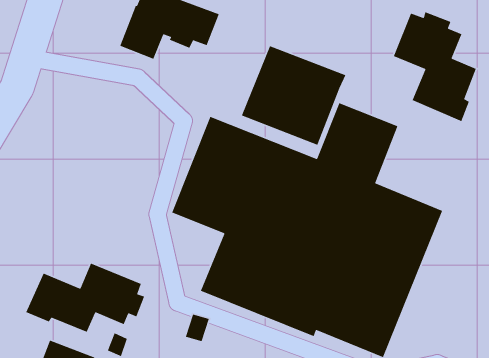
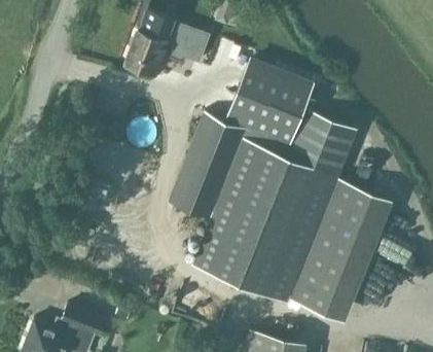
building: [393,11,477,122] -> none
building: [25,263,145,333] -> none

